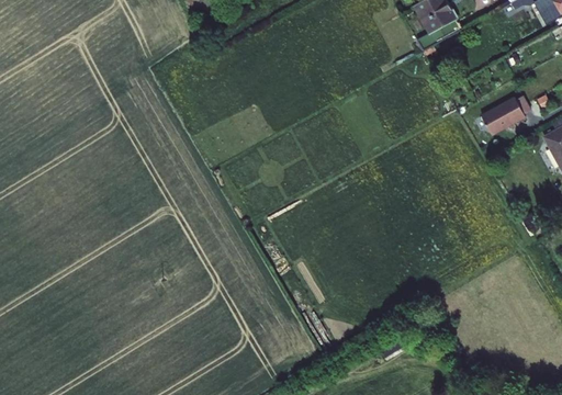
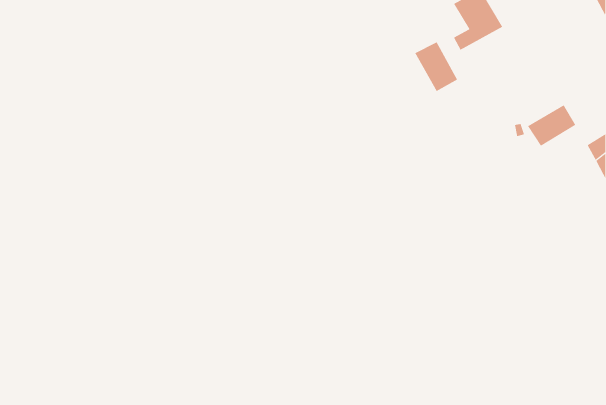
building: none -> [414,41,458,92]

